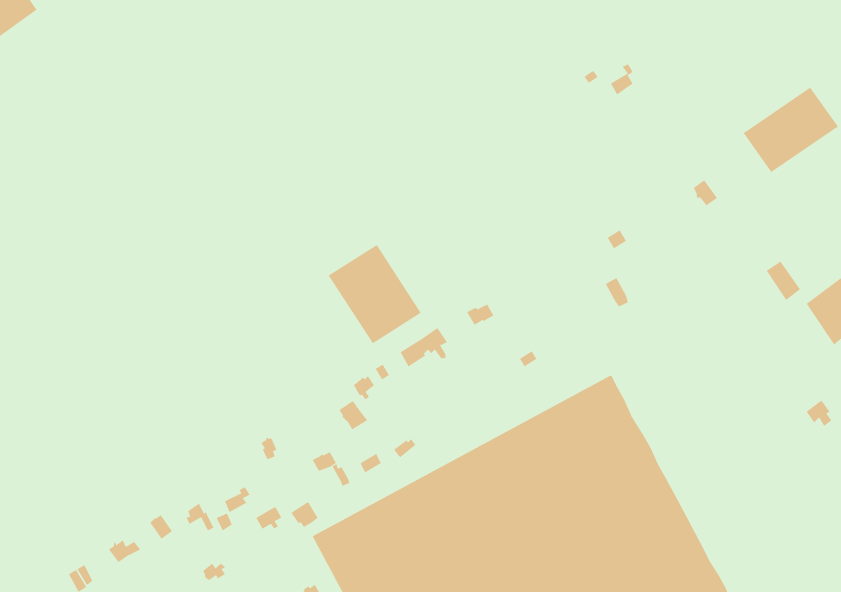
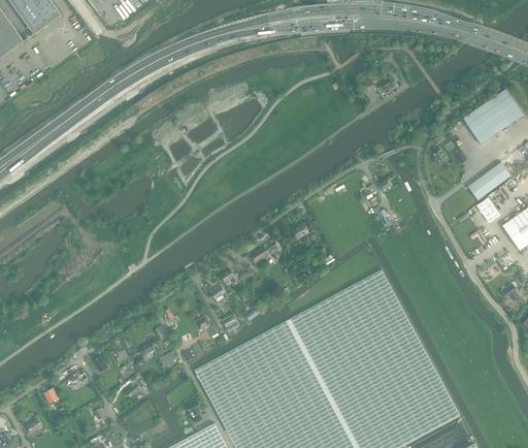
building: none -> [467,162,510,200]
building: [328,244,422,344] -> none

